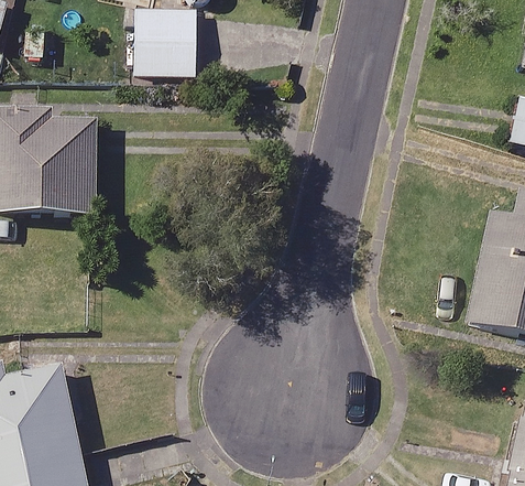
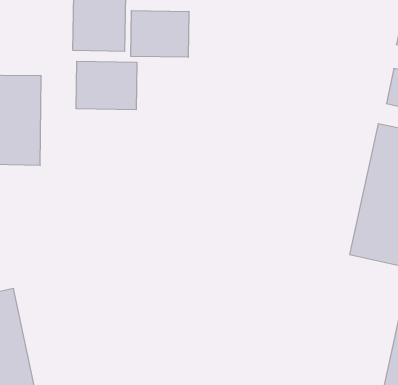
building: none -> [131,10,189,57]
building: none -> [76,61,137,110]

